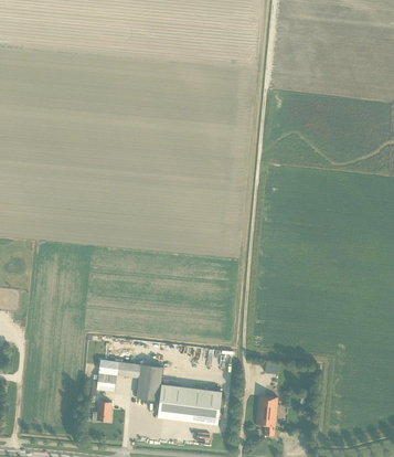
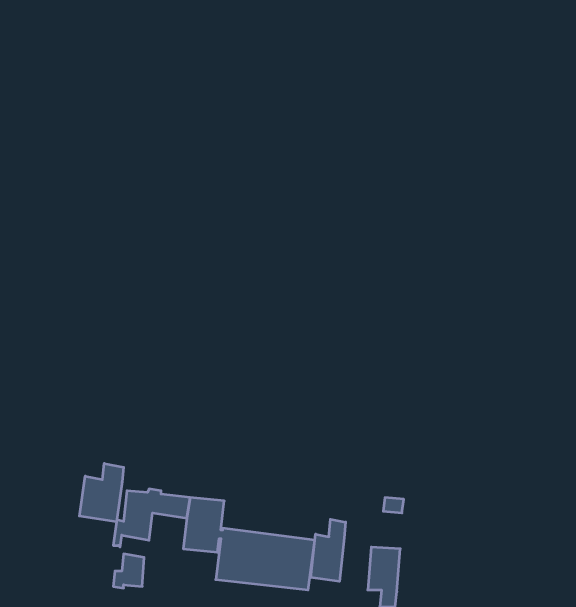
building: none -> [79,463,124,522]
building: none -> [311,519,346,581]

